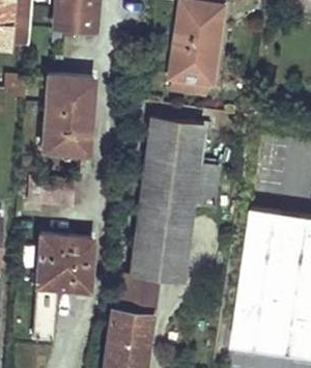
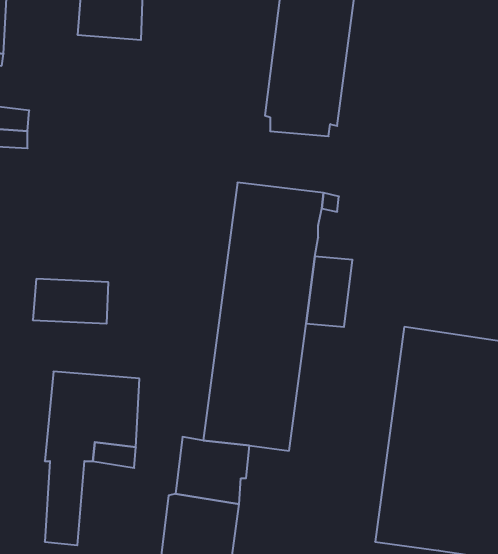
building: [43,76,92,153] -> none

